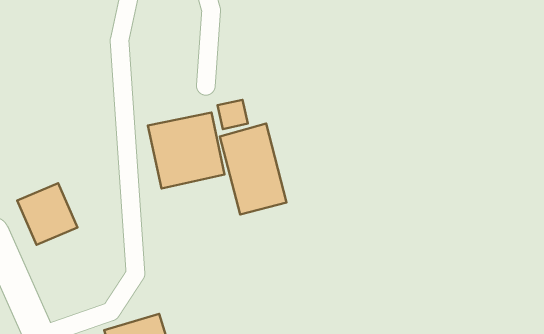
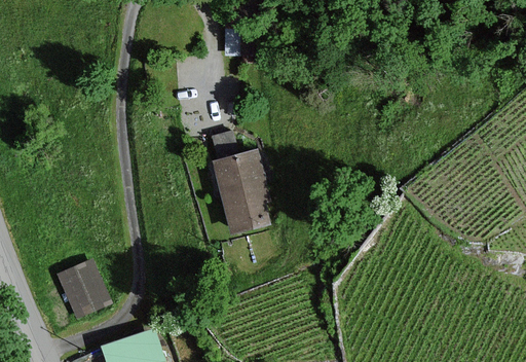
building: [148,113,224,189] -> none
building: [17,183,78,245] -> [55,261,113,320]

